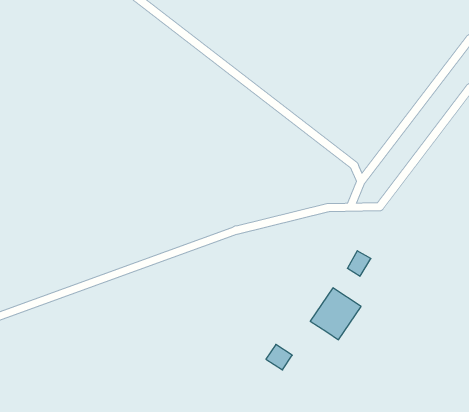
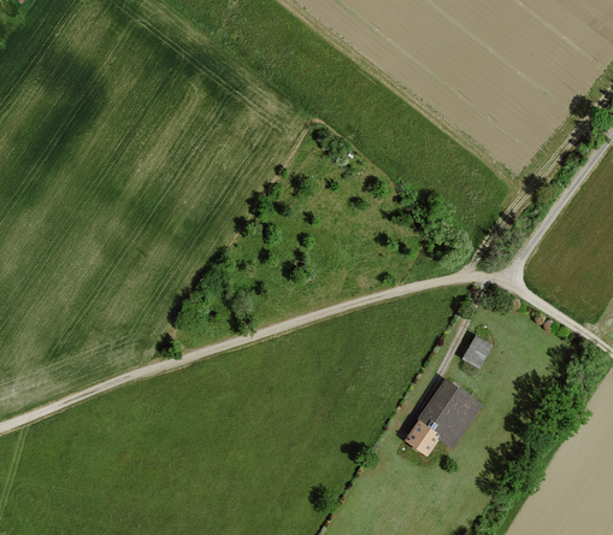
building: [266,344,292,370] -> [403,421,436,452]

